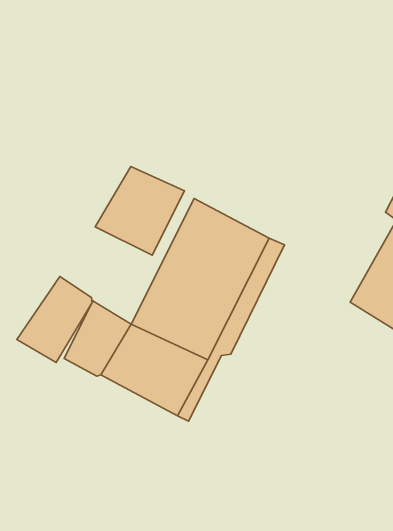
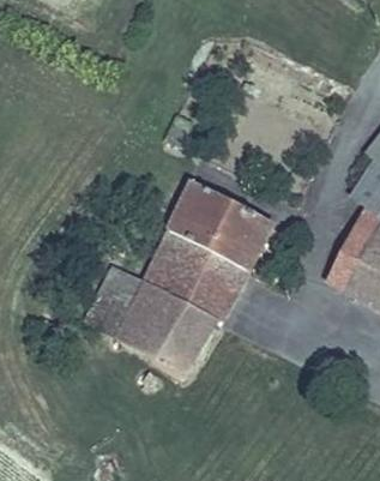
building: [95,166,184,255] -> none
building: [17,277,92,363] -> none

